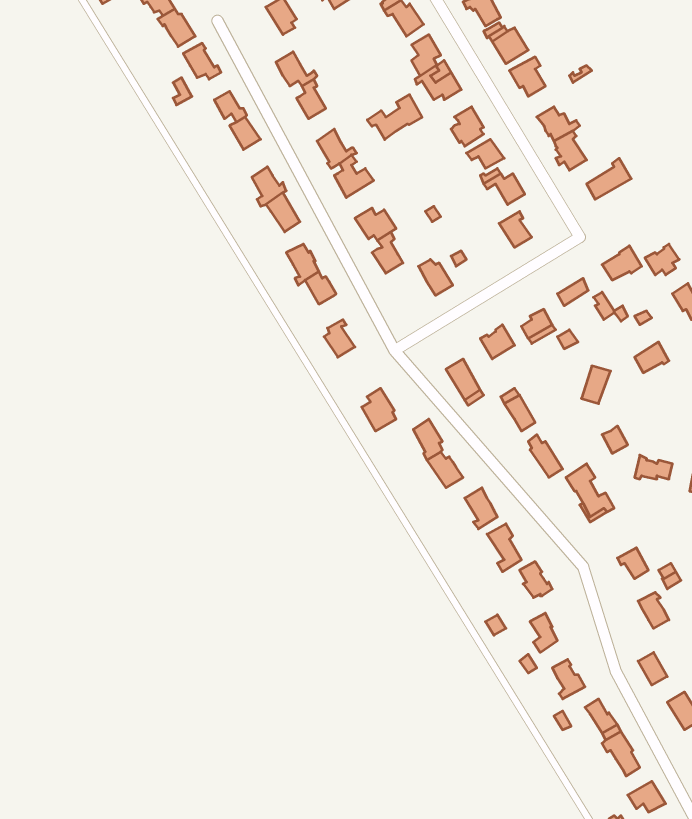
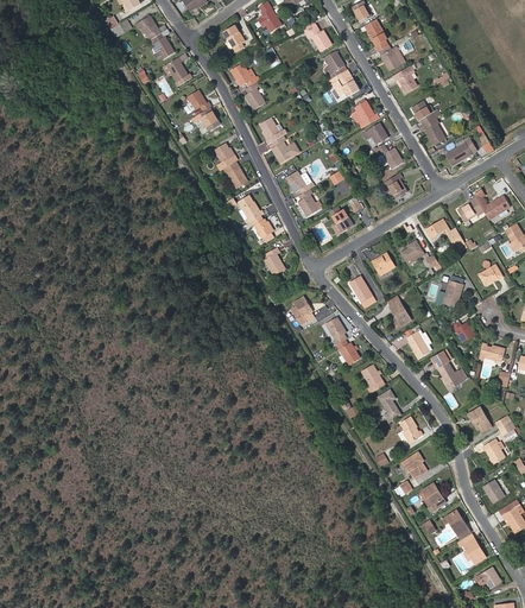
building: [367,95,422,140] -> none

